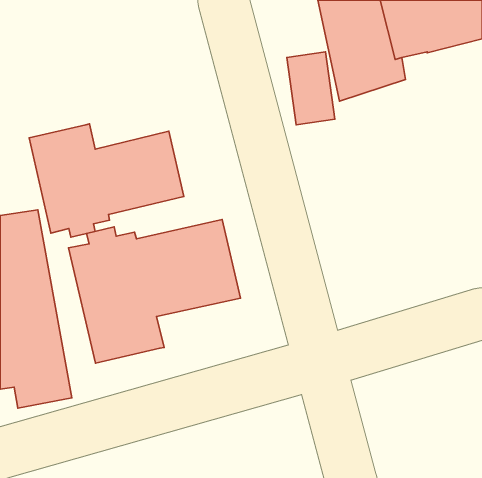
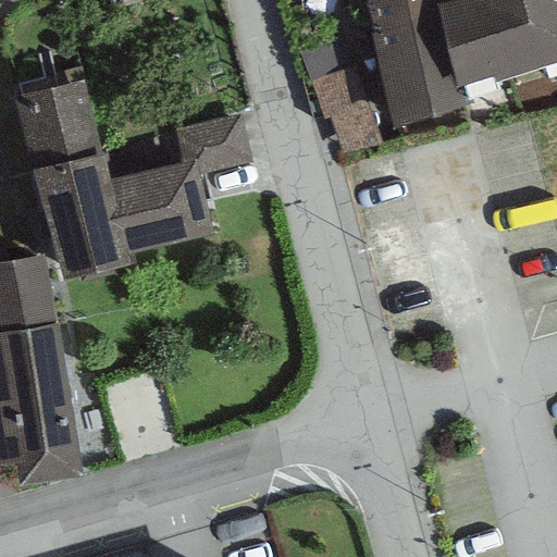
building: none -> [17,77,99,164]
building: [68,219,240,363] -> none

